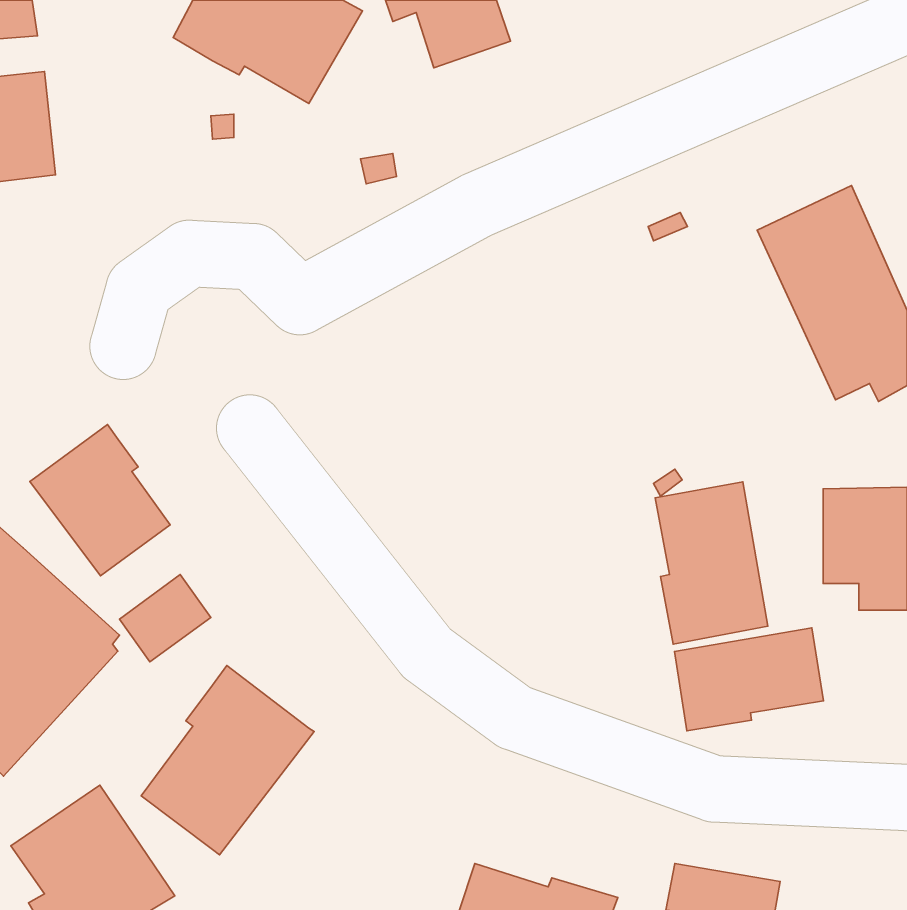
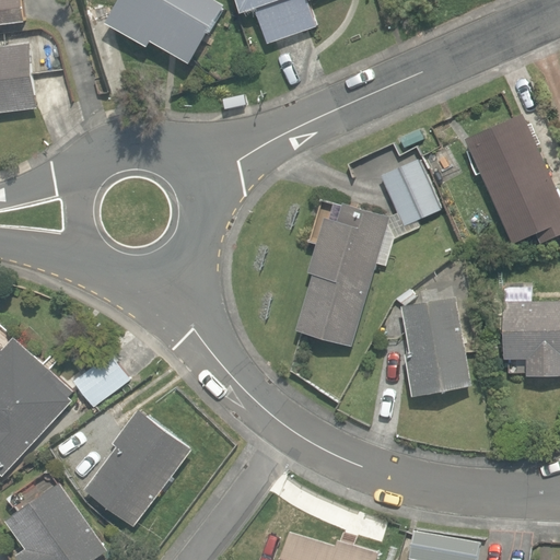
building: none -> [295,159,440,347]
building: [30,424,170,576] -> none
building: [675,628,824,731] -> none

